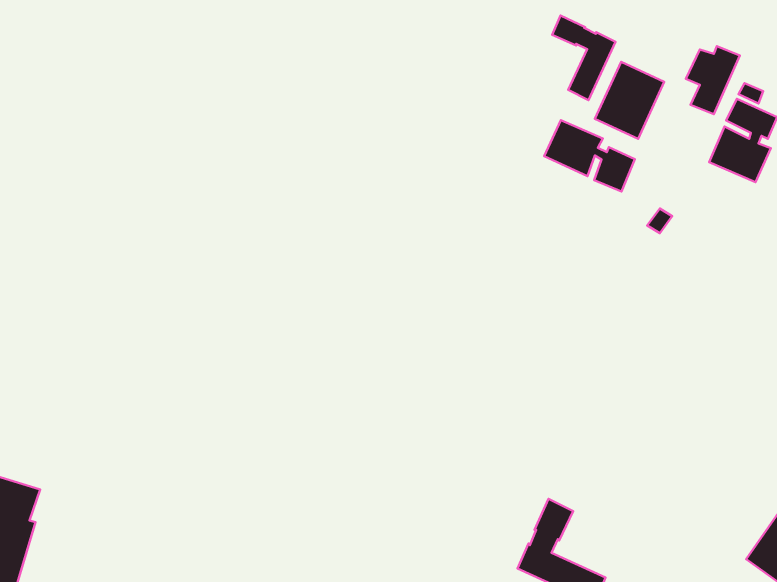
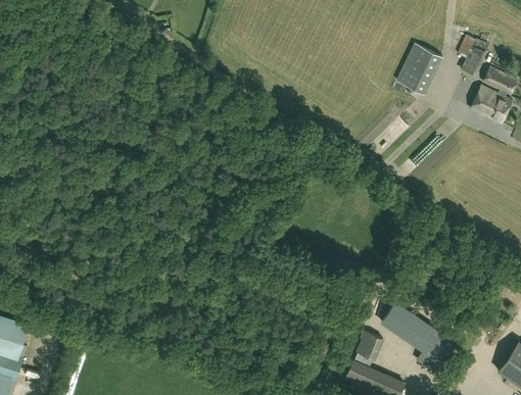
building: [552,15,616,100] -> none
building: [544,120,635,191] -> none
building: none -> [381,302,455,372]

